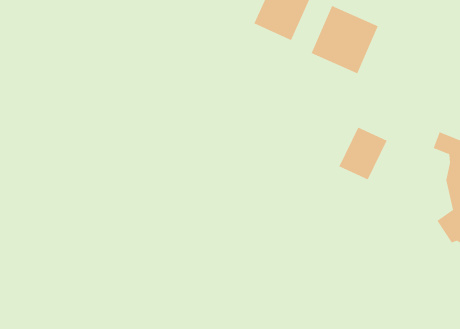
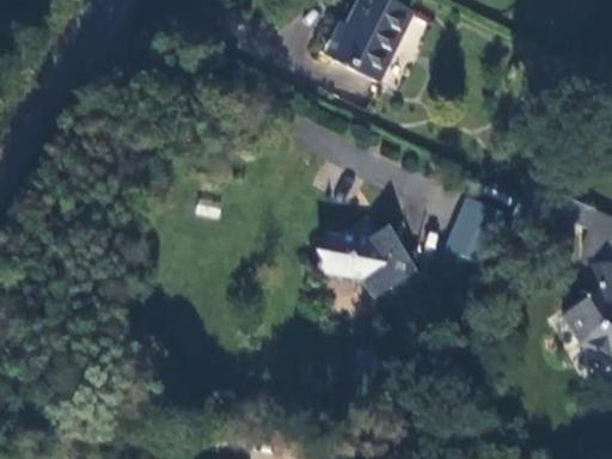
building: [311,5,378,74] -> none
building: none -> [320,222,415,299]

